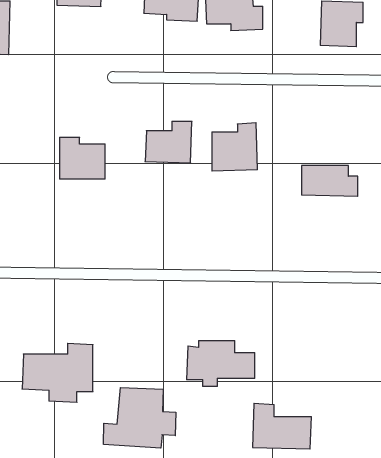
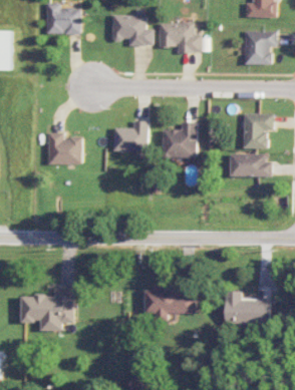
building: none -> [243,112,273,148]
building: [104,388,176,448] -> none
building: [253,403,311,449] -> [225,290,269,324]

